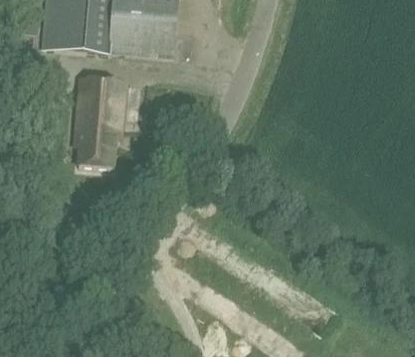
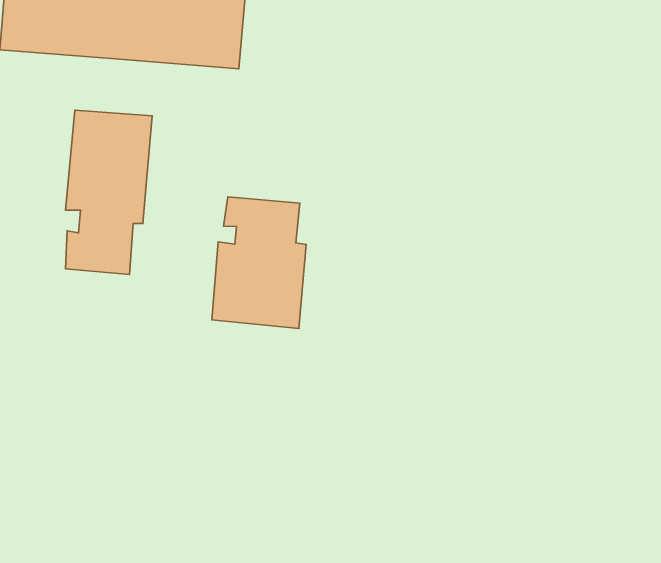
building: none -> [212,197,306,328]

